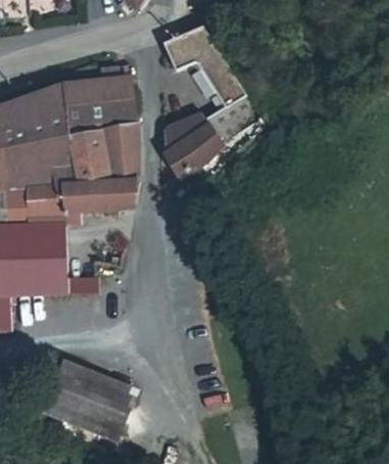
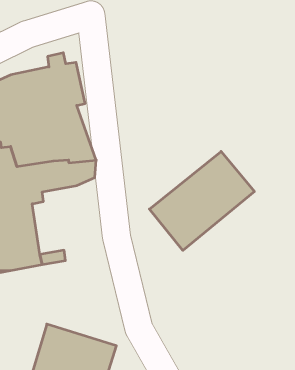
building: [161,29,246,186] -> none
building: none -> [149,151,254,250]

